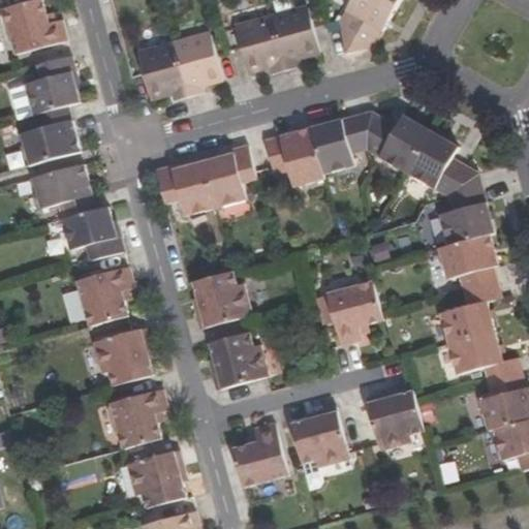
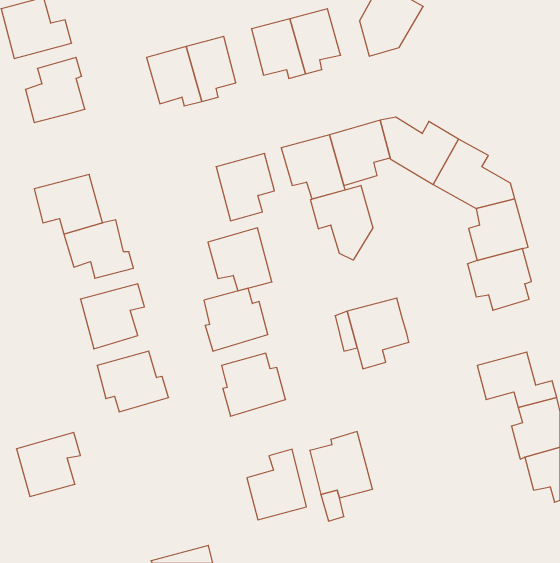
building: [21,105,81,164] -> none
building: [156,156,216,215] -> [208,228,272,291]
building: none -> [310,185,373,260]
building: [439,280,501,342] -> none
building: [365,387,424,449] -> none
building: [108,388,168,448] -> [16,432,80,496]
building: [125,450,191,508] -> none

